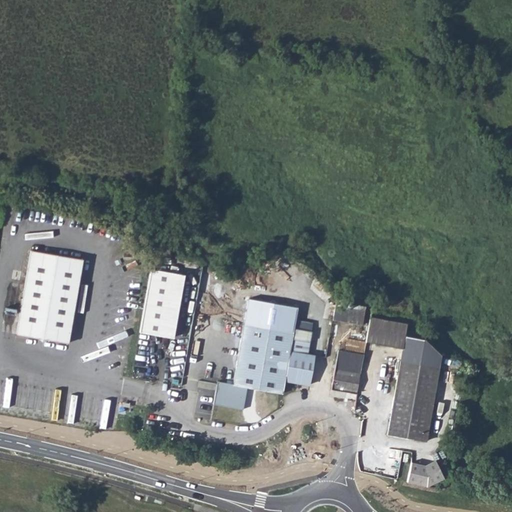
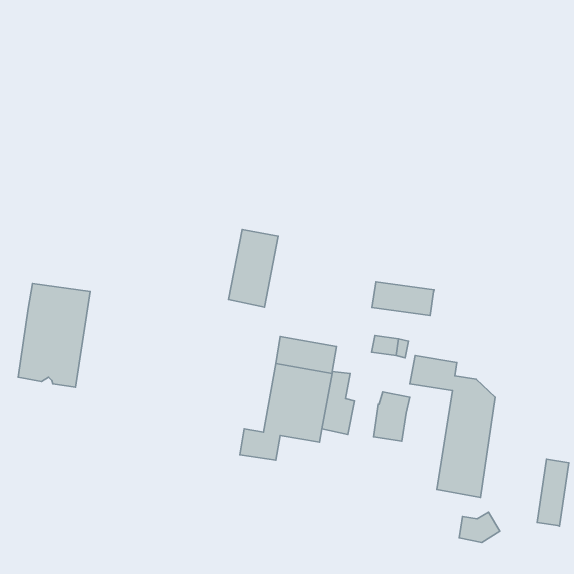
building: none -> [372,282,434,316]
building: [142,270,186,339] -> [229,230,278,307]
building: none -> [537,459,569,526]

